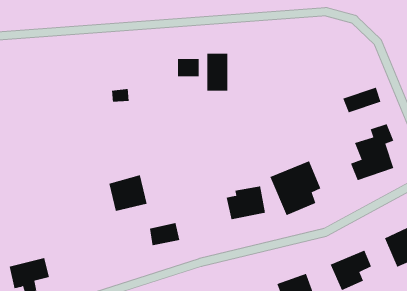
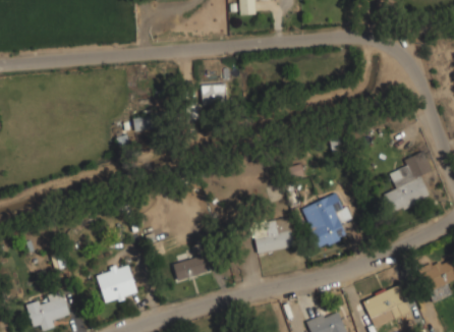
building: [207,53,228,92] -> none
building: [343,87,381,113] -> none
building: [108,175,147,212] -> [97,265,137,303]

